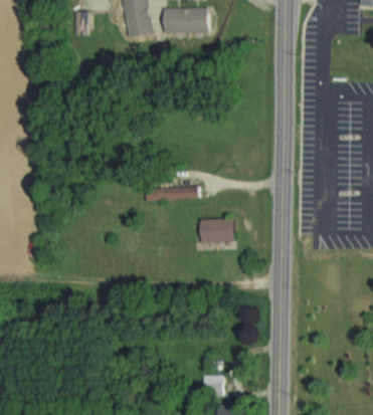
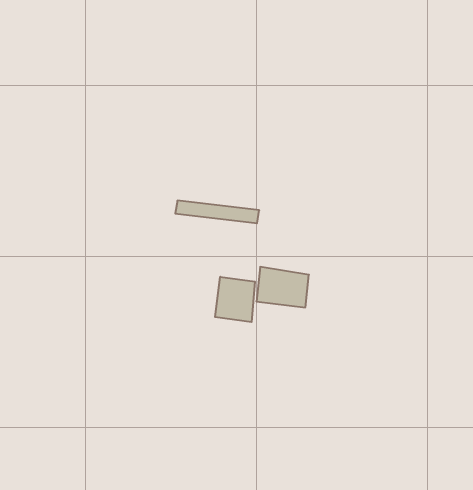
building: none -> [215,277,255,322]

